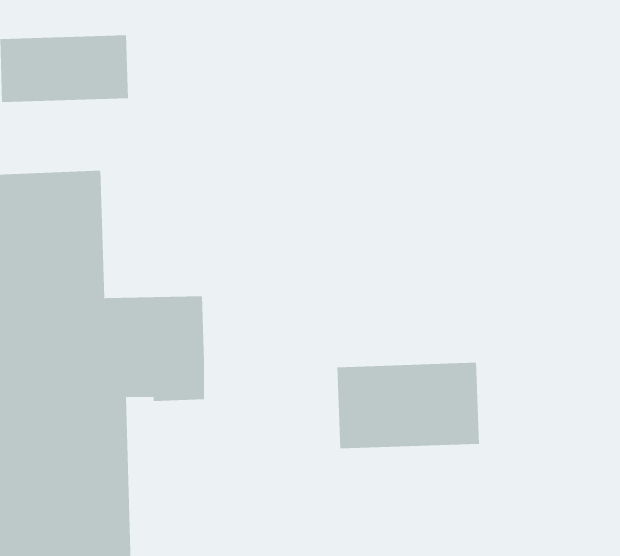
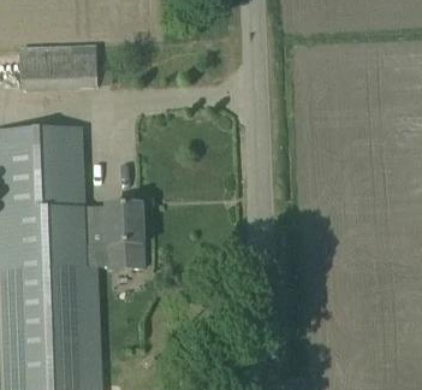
building: [337,362,480,449] -> none

